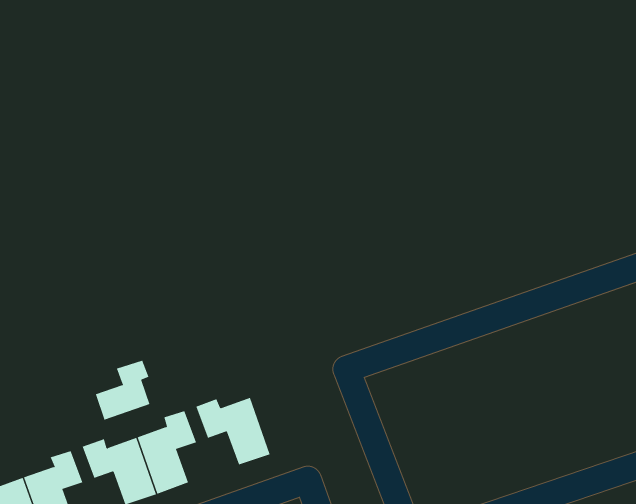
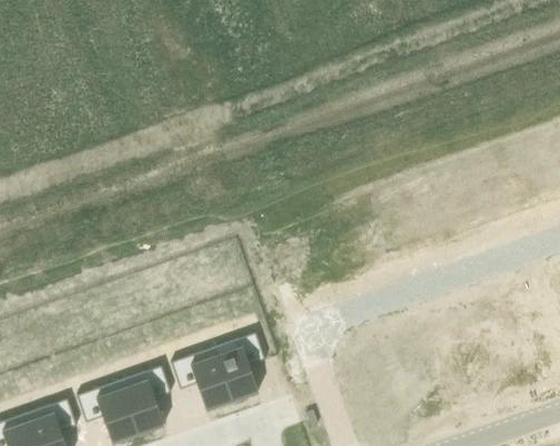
building: [95,360,150,421] -> none
building: none -> [215,332,265,402]

